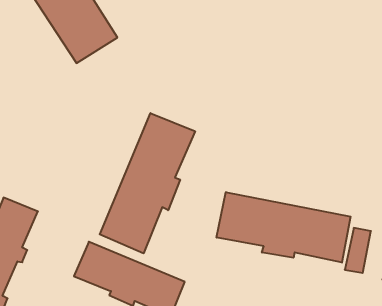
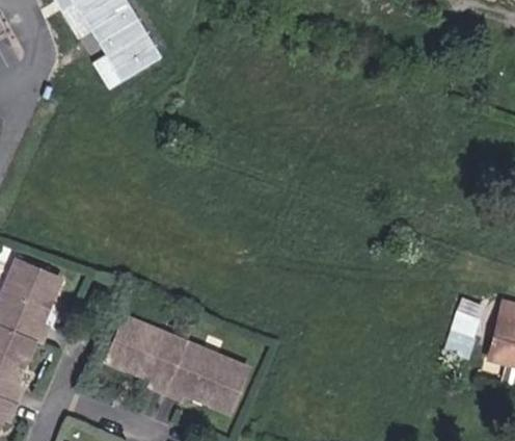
building: [100,113,195,253] -> none
building: [217,192,351,263] -> none

